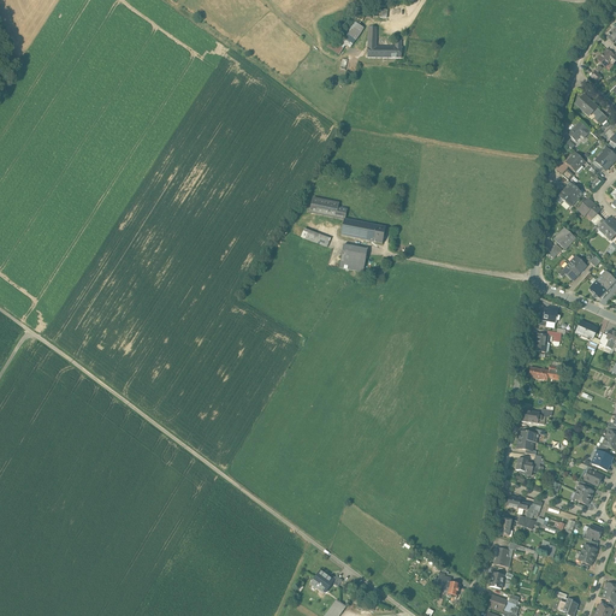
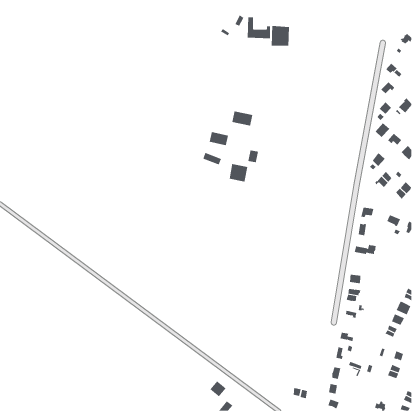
building: none -> [271,25,289,46]
building: [340,218,373,241] -> [231,111,253,126]

